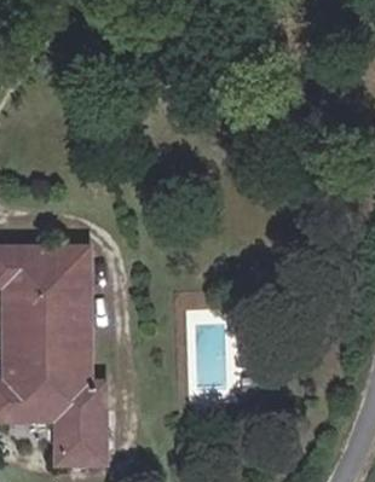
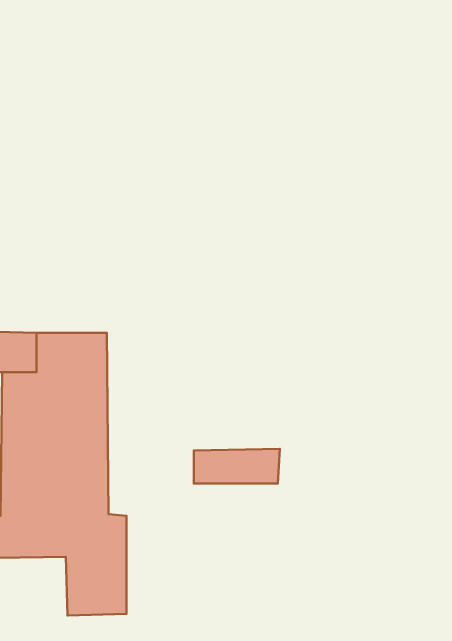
building: none -> [194,449,280,484]

